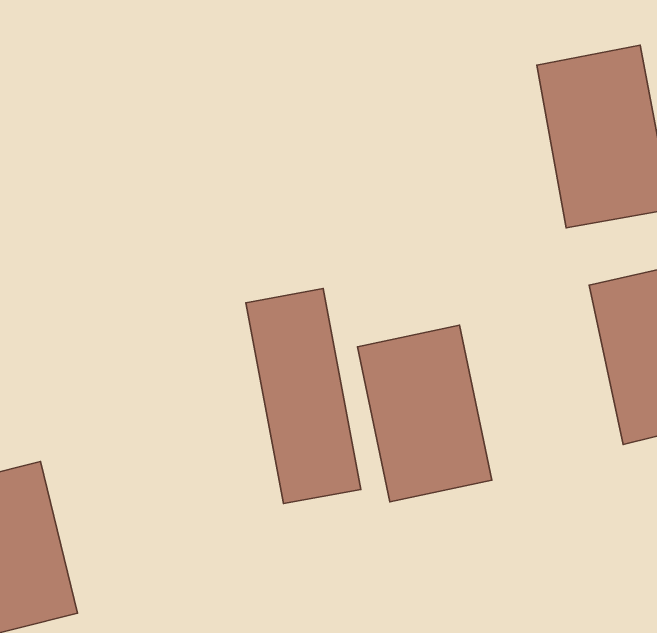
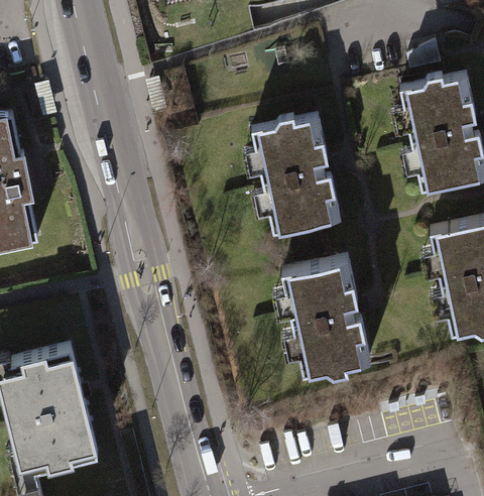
building: none -> [257,121,341,237]
building: [246,288,361,504] -> none

